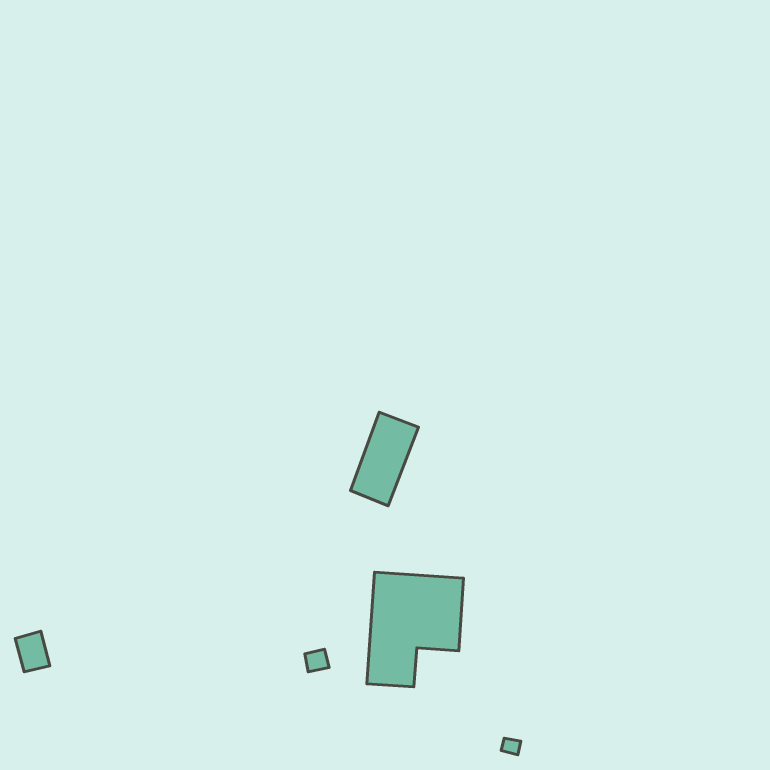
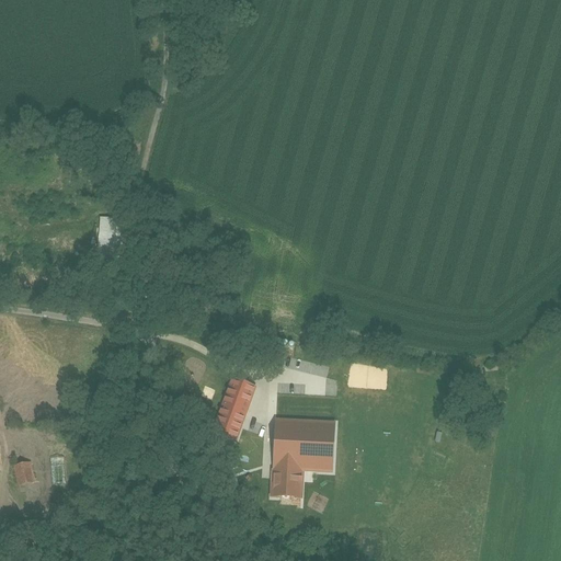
building: [350,412,418,506] -> [211,375,261,443]

